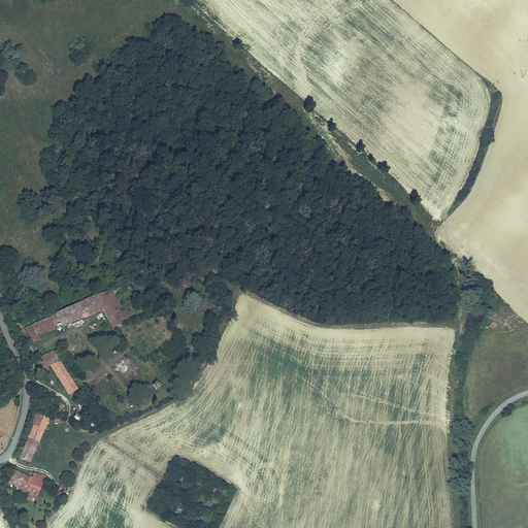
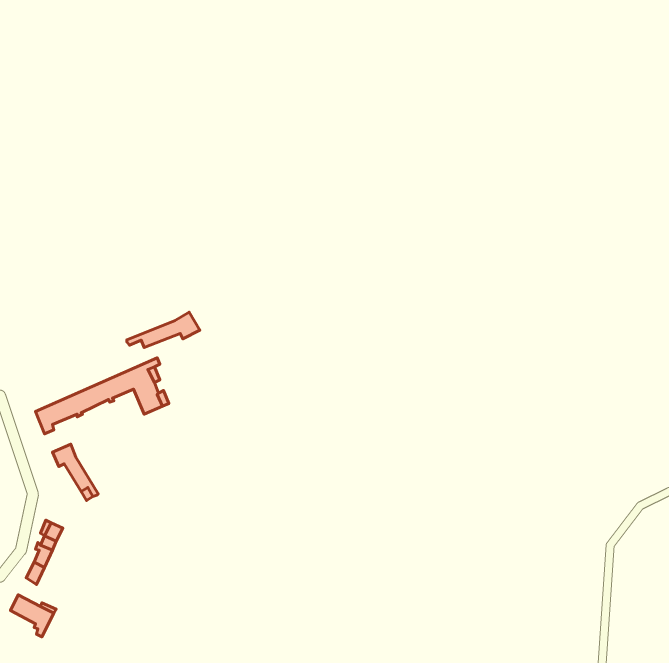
building: none -> [127,312,200,348]

